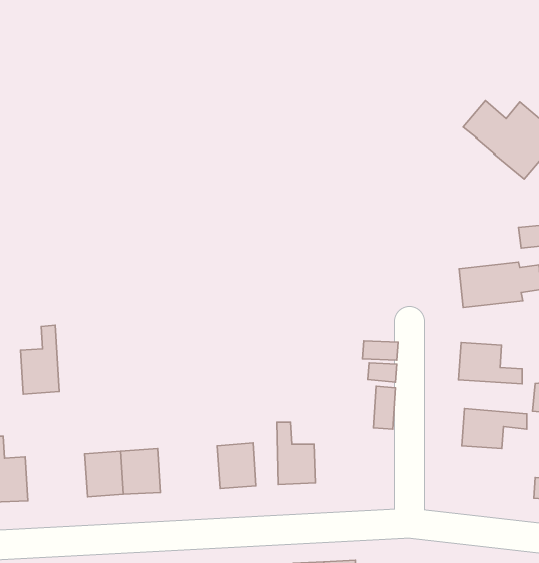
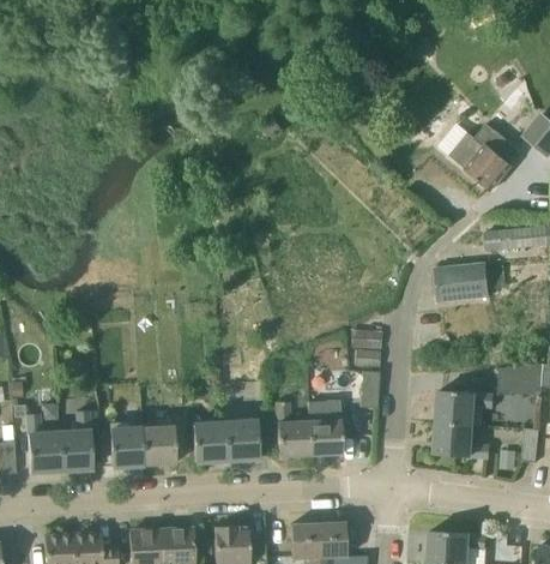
building: [20,325,59,394] -> [58,410,91,470]
building: [459,343,522,384] -> [434,422,489,458]
building: none -> [308,400,342,455]
building: none -> [192,422,226,462]

